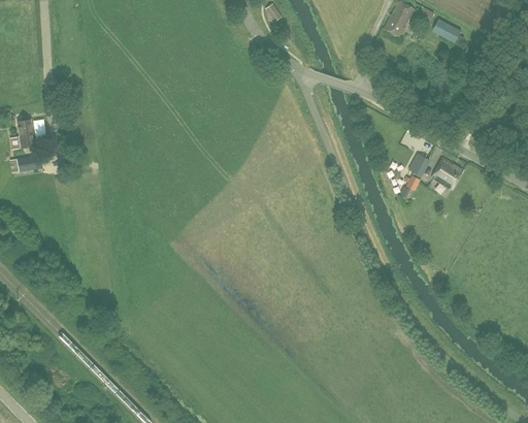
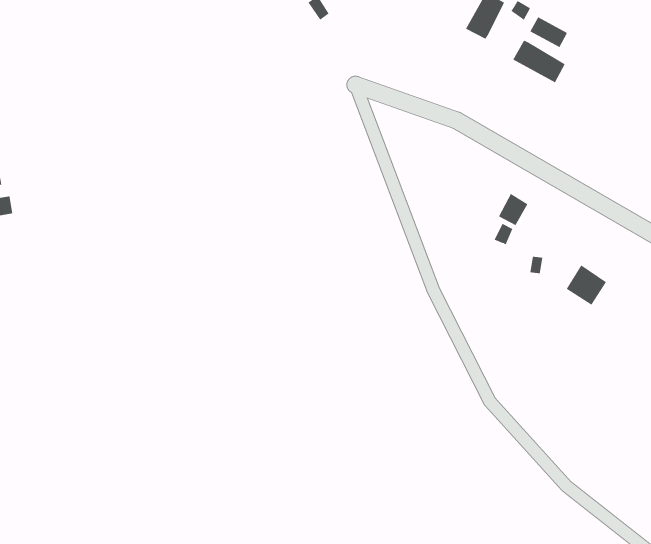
building: none -> [512,40,565,83]
building: [432,157,463,188] -> [566,264,607,305]

